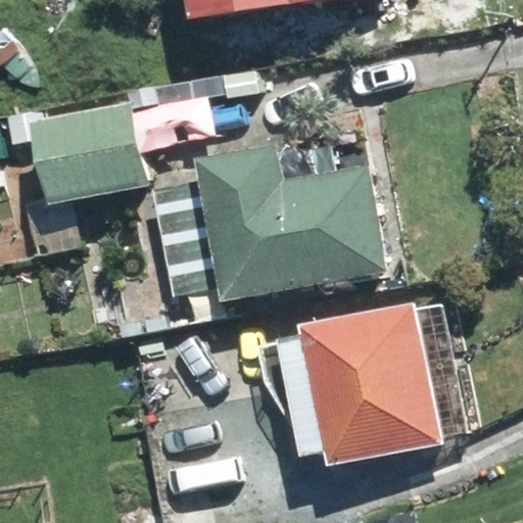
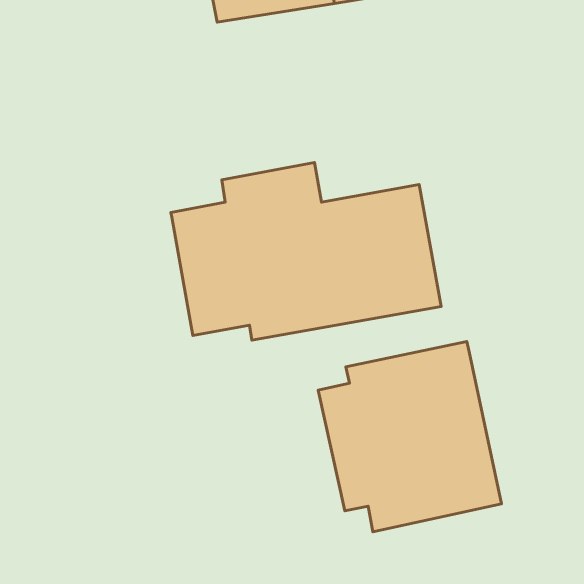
building: [33,103,147,204] -> none

